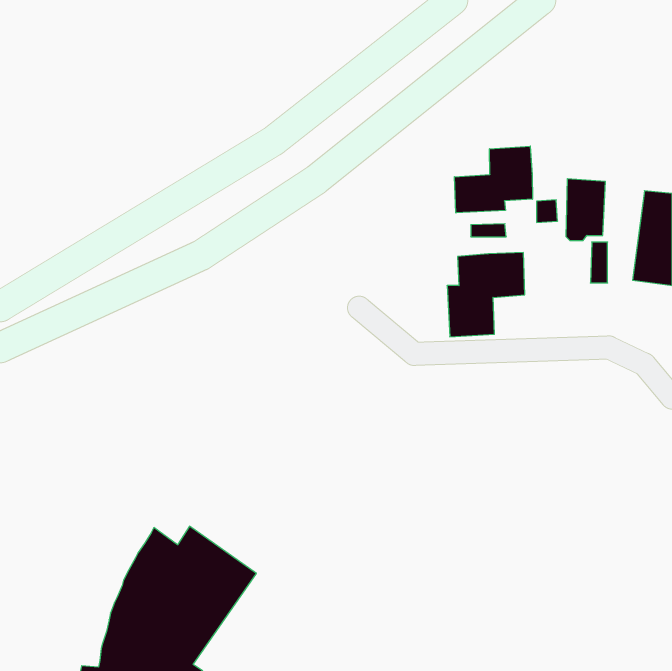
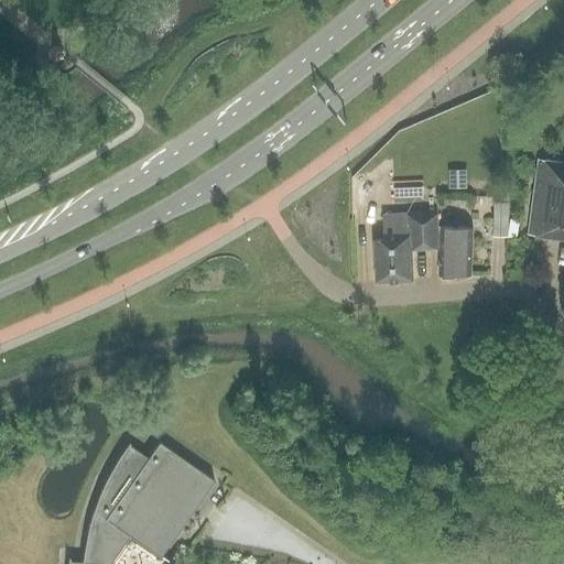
building: [454,146,532,213] -> none
building: [566,179,605,241] -> [441,227,474,279]

